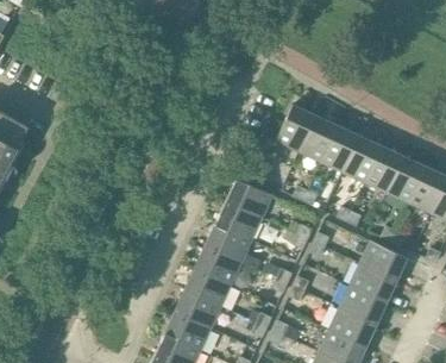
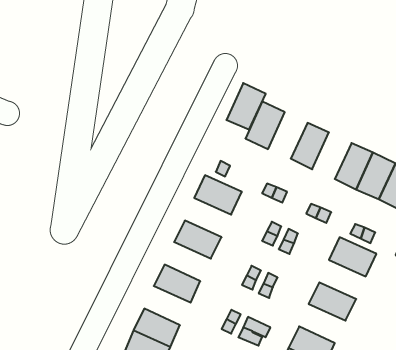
building: [300,115,339,162] -> [226,83,266,129]
building: [344,136,383,182] -> none
building: [216,201,263,240] -> none
building: [196,245,243,284] -> none
building: [351,263,397,302] -> none
building: [176,289,222,328] -> none
building: [331,307,377,346] -> none

